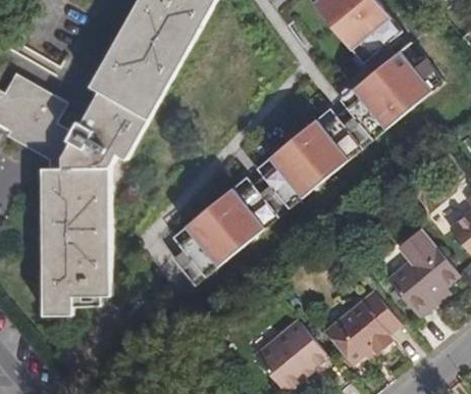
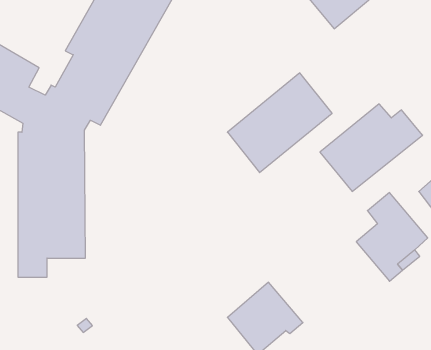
building: [338,50,442,139] -> [320,104,423,191]
building: [171,176,278,276] -> none
building: [324,291,400,364] -> none

